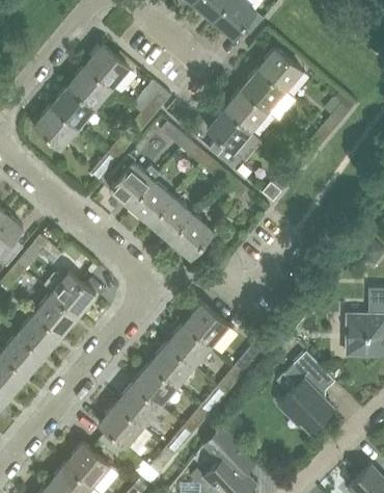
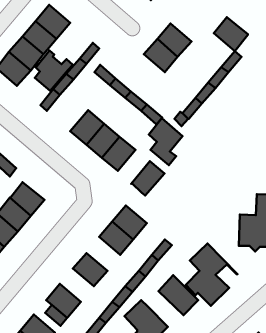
building: [257,49,301,93] -> [214,17,248,51]
building: [207,109,250,170] -> [149,118,183,165]
building: [109,156,158,208] -> [35,50,73,91]
building: none -> [131,161,165,196]
building: [149,344,193,388] -> none
building: [115,385,159,427] -> none
building: none -> [159,275,198,315]

